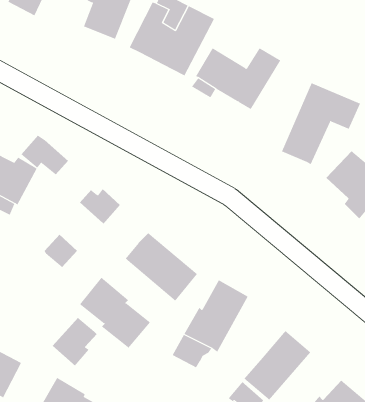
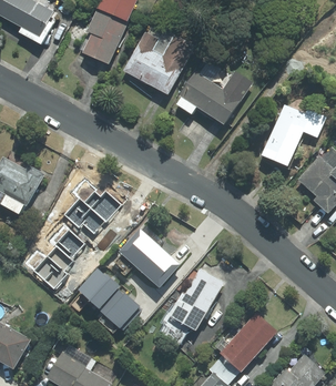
building: [20,135,69,175] -> [59,199,100,233]
building: [52,317,97,367] -> [29,246,68,288]

